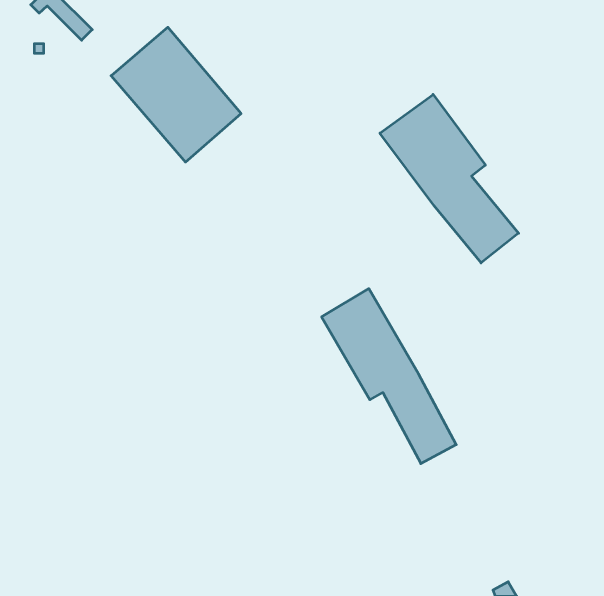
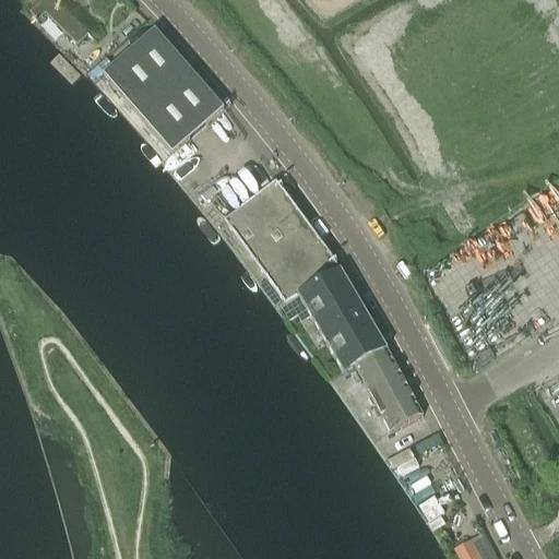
building: [380,94,519,263] -> none
building: none -> [224,178,341,300]

